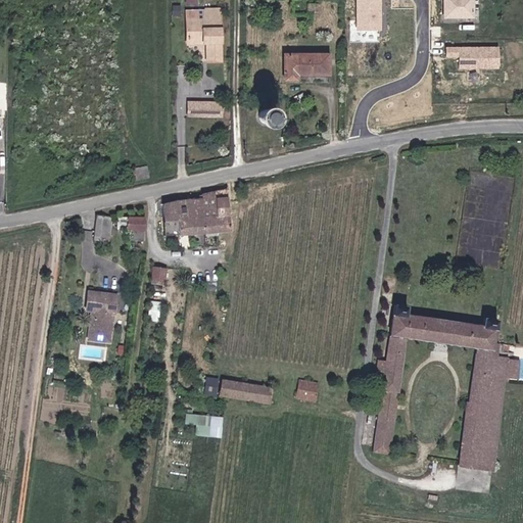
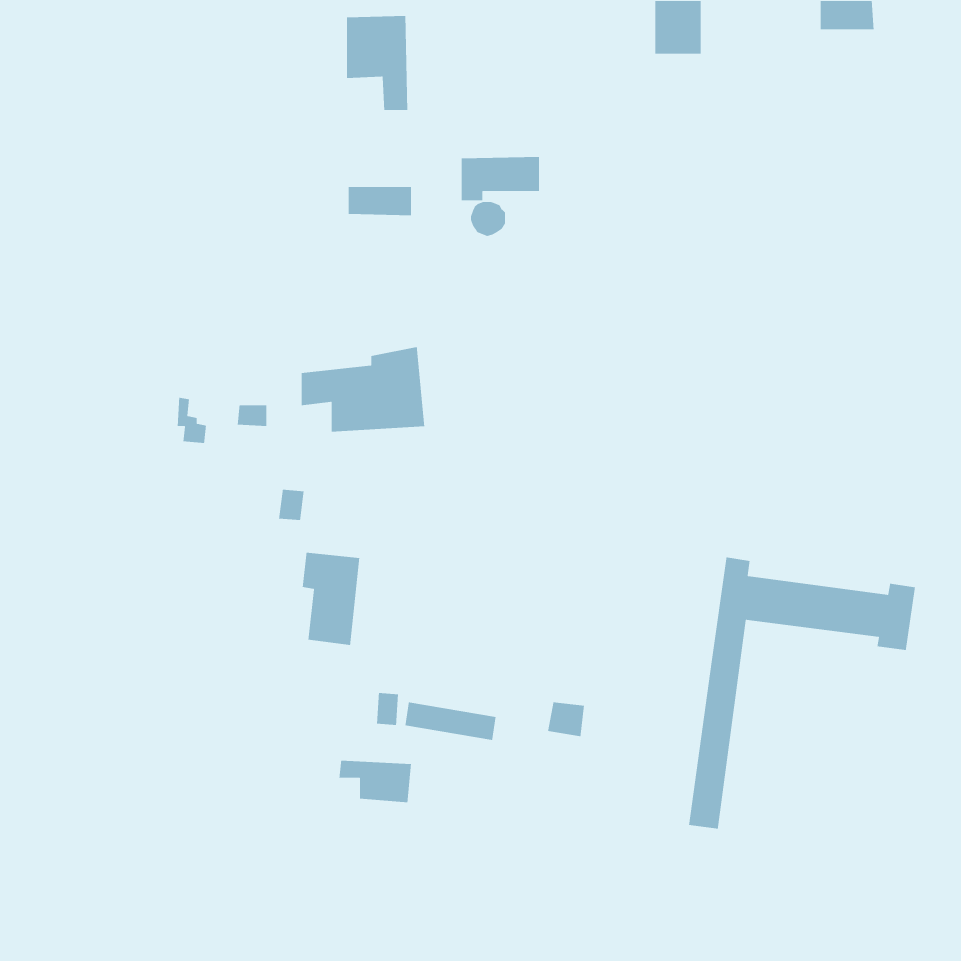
building: [444,45,500,67] -> none
building: [285,52,328,77] -> [461,156,540,201]
building: [87,291,118,342] -> [302,552,360,646]
building: [461,351,508,466] -> none

